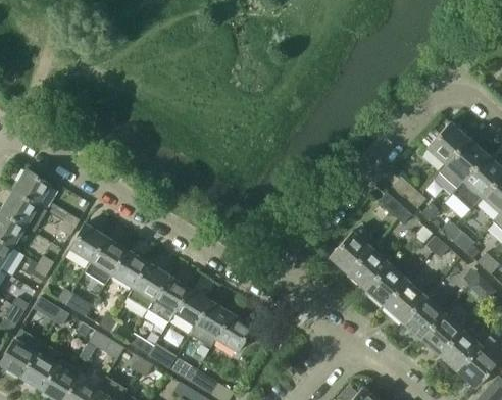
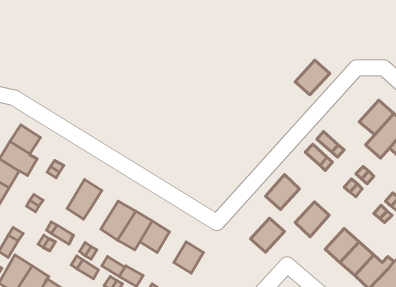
building: [425,122,468,165] -> [295,60,330,95]
building: [69,224,105,262] -> none
building: [347,248,389,290] -> [251,218,284,252]
building: [111,250,147,288] -> none
building: [384,281,425,322] -> none
building: [195,301,231,339] -> none

